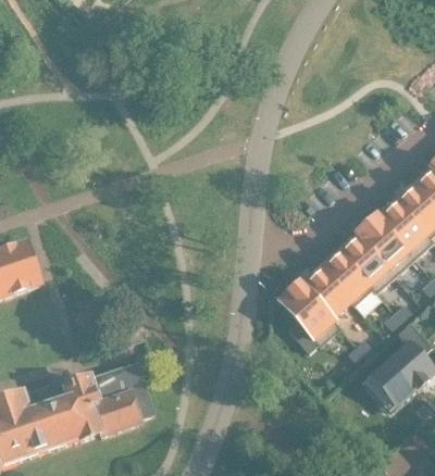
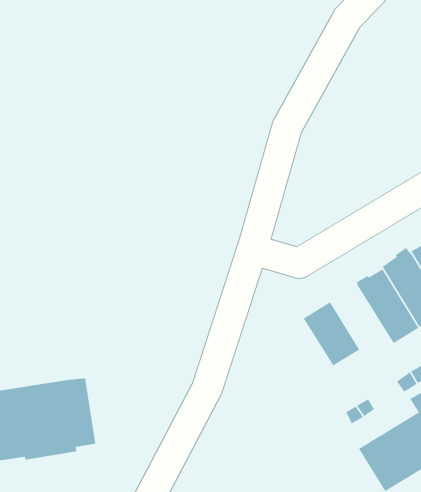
building: [319,251,374,305] -> none
building: [279,281,339,347] -> none

